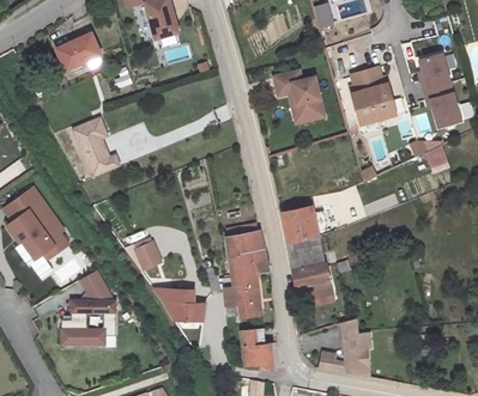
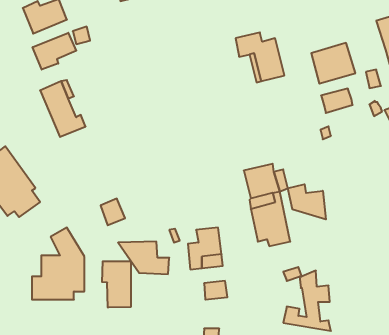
building: [350,66,382,91] -> [321,89,353,113]
building: none -> [33,33,76,70]
building: none -> [288,184,326,219]
building: [228,227,267,274] -> none
building: none -> [102,261,131,308]
building: [242,342,274,371] -> none

